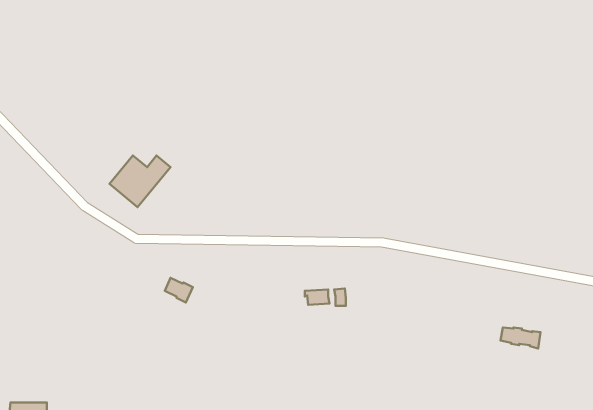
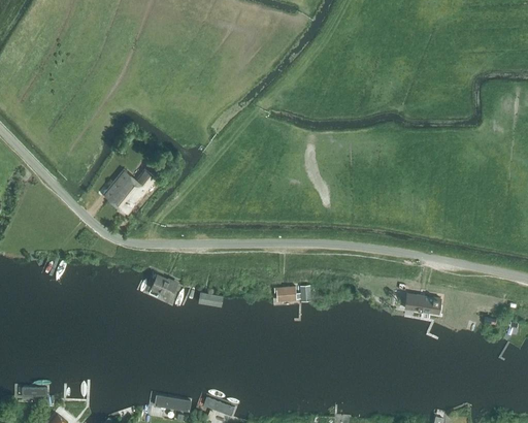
building: [500,327,541,349] -> [404,294,439,313]

